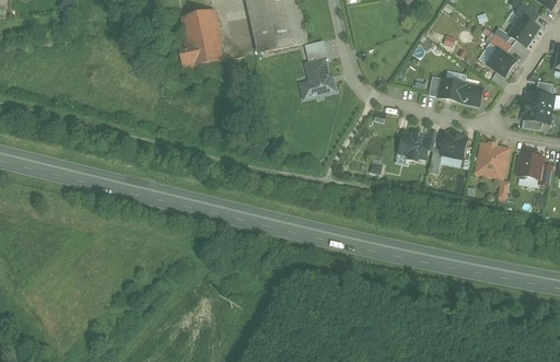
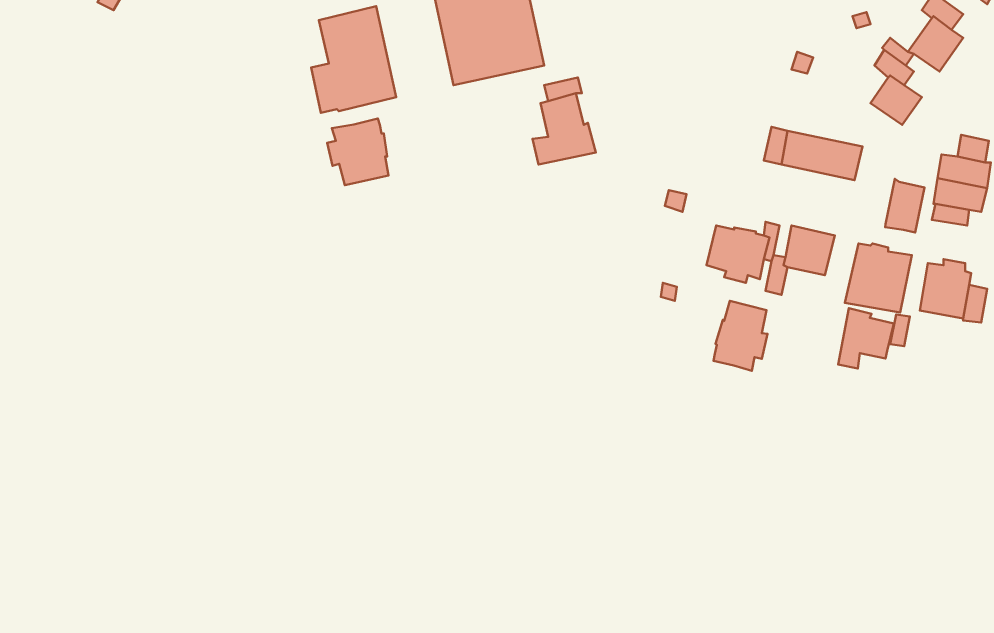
building: none -> [327,119,389,185]
building: none -> [885,179,924,233]
building: none -> [713,301,767,371]
building: none -> [838,308,894,368]

